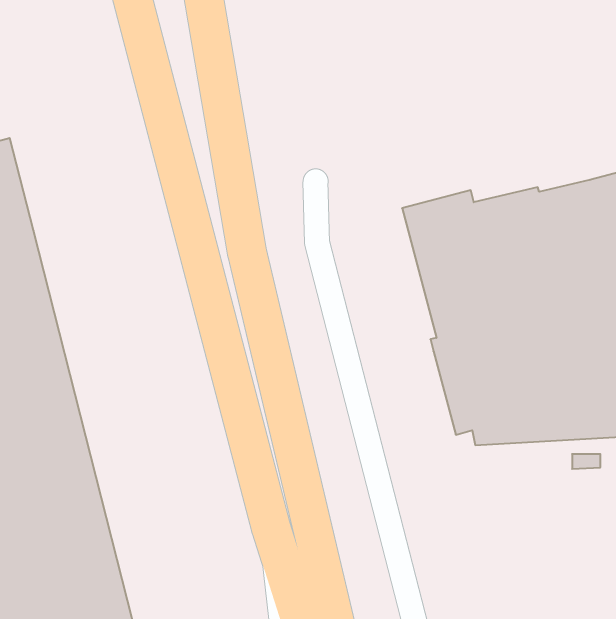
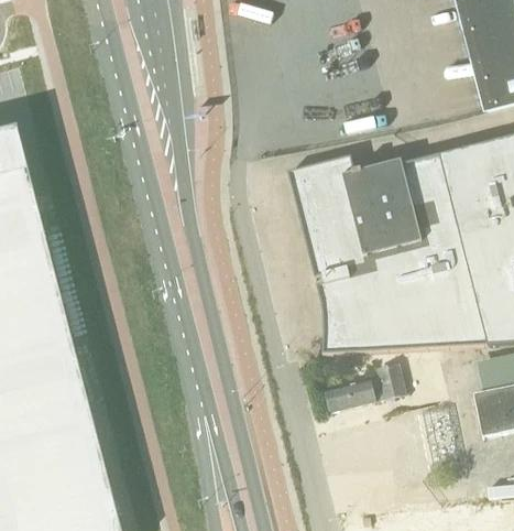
building: none -> [326,360,407,410]

